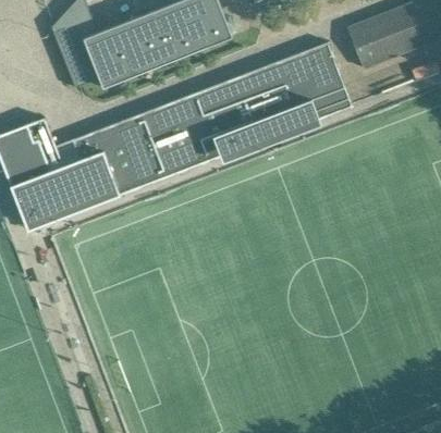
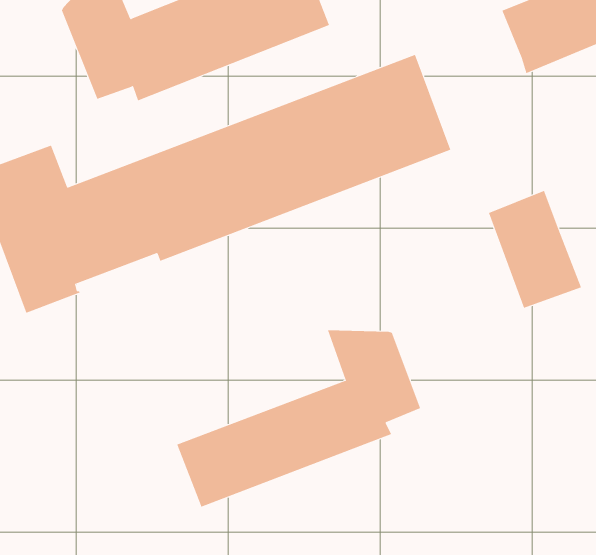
building: [289,42,352,122] -> [488,190,582,308]
building: none -> [177,330,421,508]

